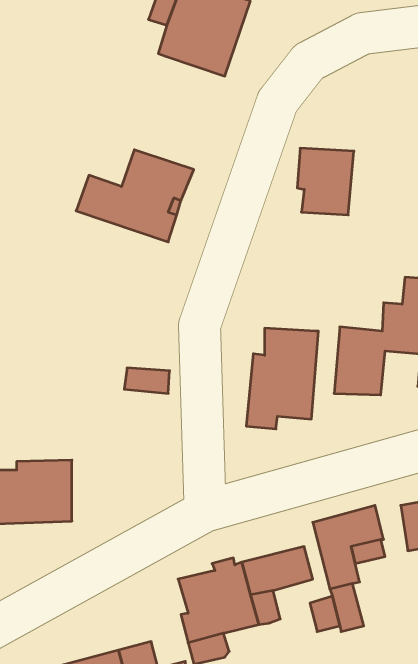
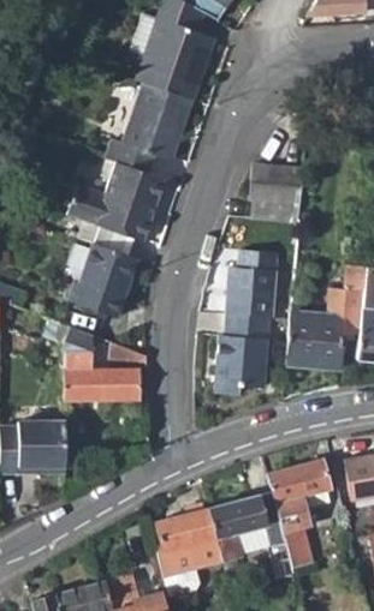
building: none -> [109,79,195,169]
building: none -> [65,239,142,312]
building: none -> [226,263,274,312]
building: none -> [63,324,139,397]

